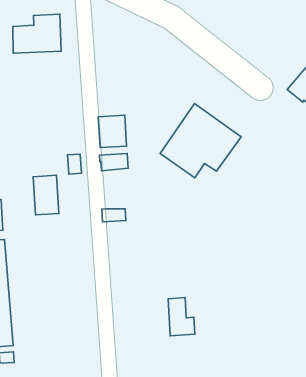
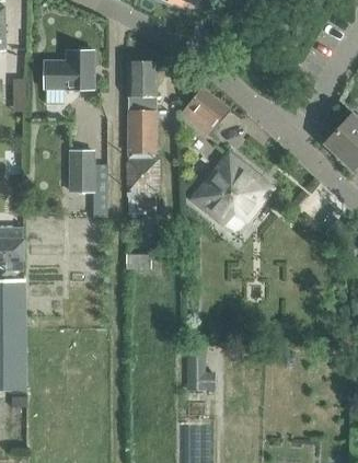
building: none -> [128,62,158,153]
building: none -> [183,88,232,136]
building: [33,175,59,215] -> [70,151,94,190]

